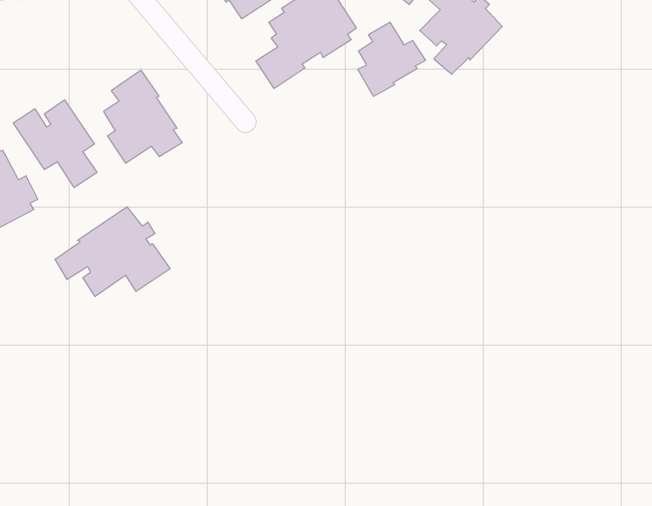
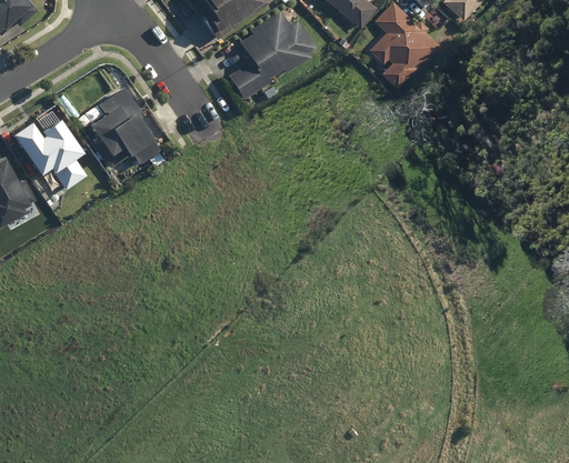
building: [358,22,425,96] -> none
building: [55,207,170,297] -> none

